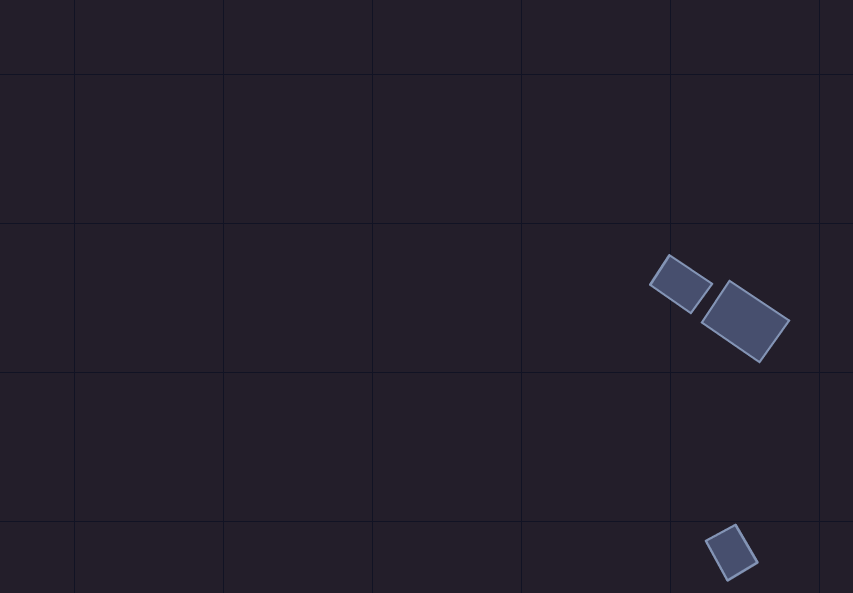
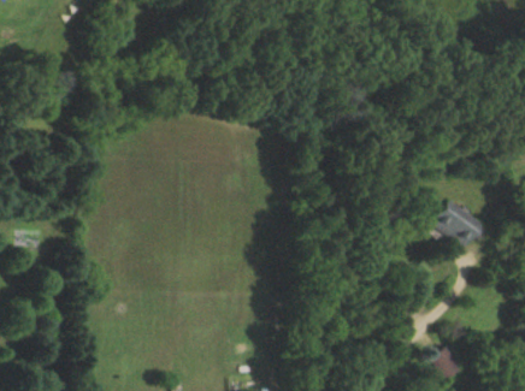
building: [650,255,712,313] -> none

